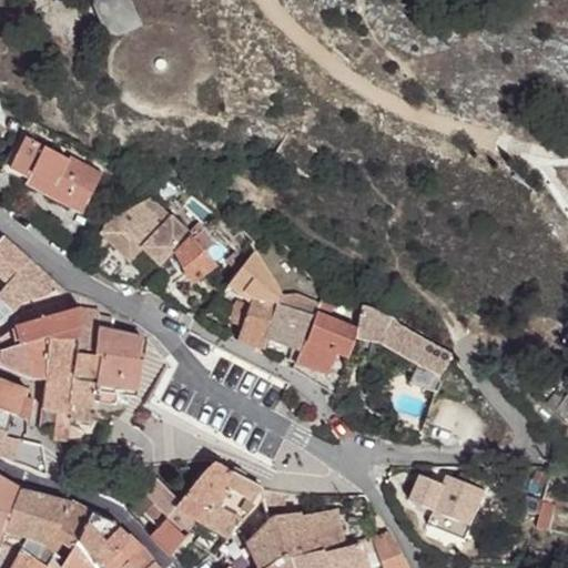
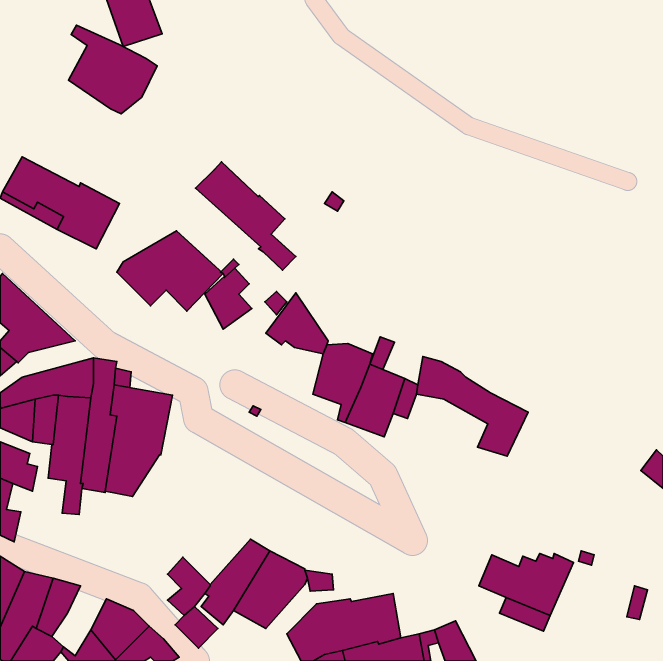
building: none -> [68,25,157,114]
building: none -> [196,162,296,270]
building: [231,297,276,348] -> none
building: [44,501,91,561] -> none

